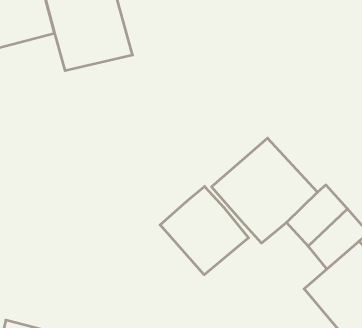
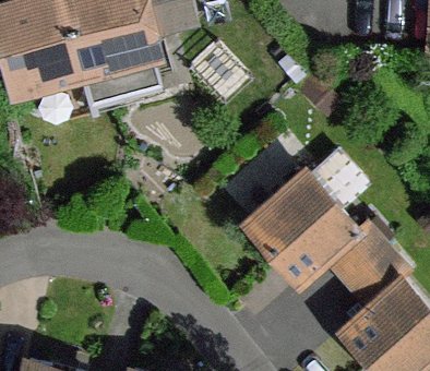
building: [160,186,249,275] -> none

